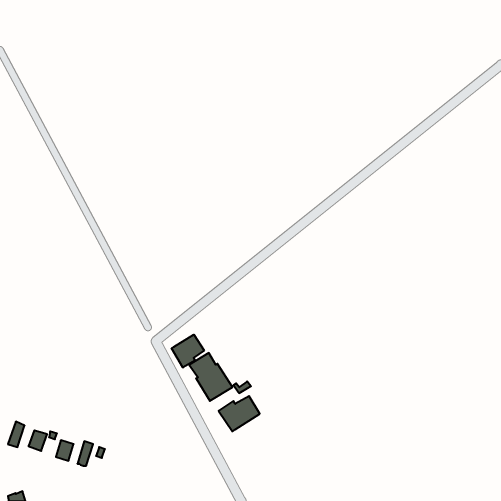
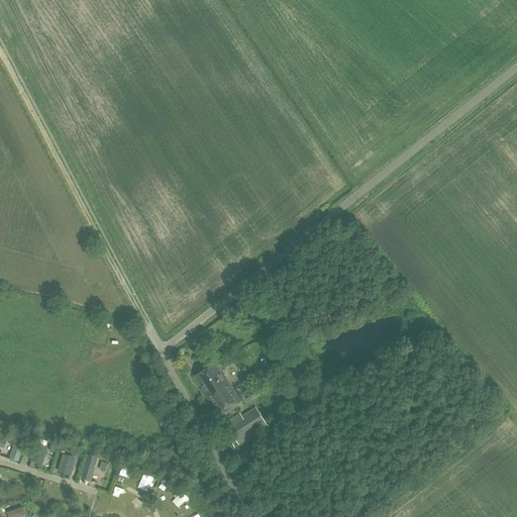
building: [172,335,204,368] -> none

